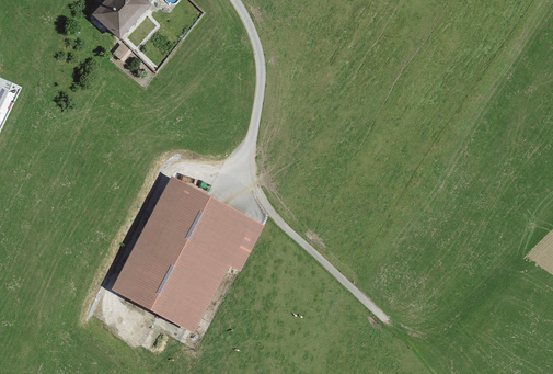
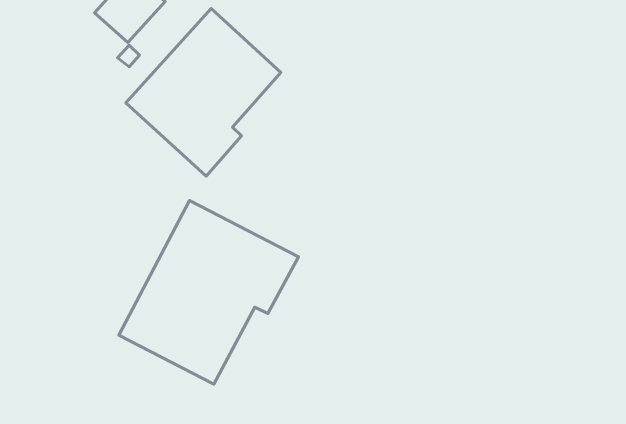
building: none -> [126,9,281,176]

